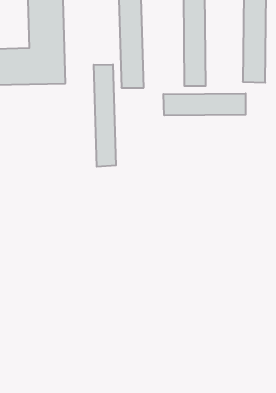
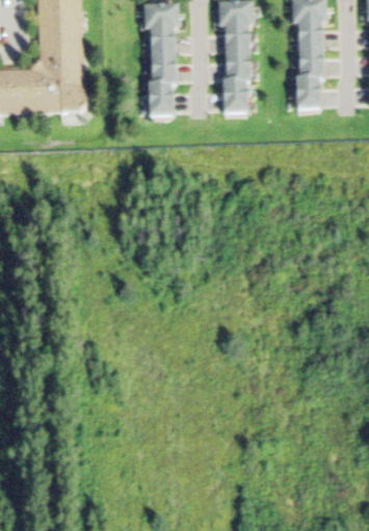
building: [94,64,116,167] -> none
building: [163,93,246,115] -> none

